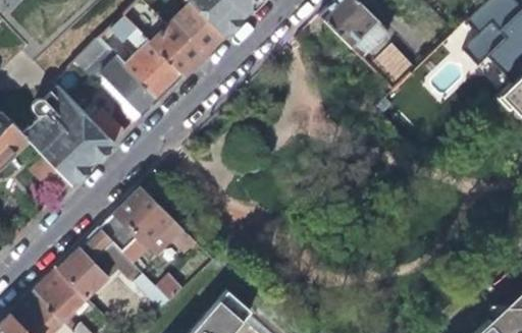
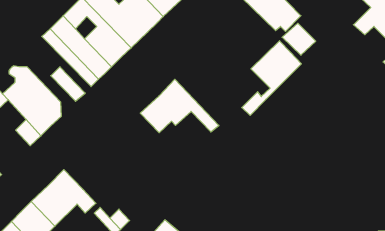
building: none -> [242,41,301,115]
building: [44,87,114,162] -> none
building: [100,186,198,253] -> [140,79,219,133]

